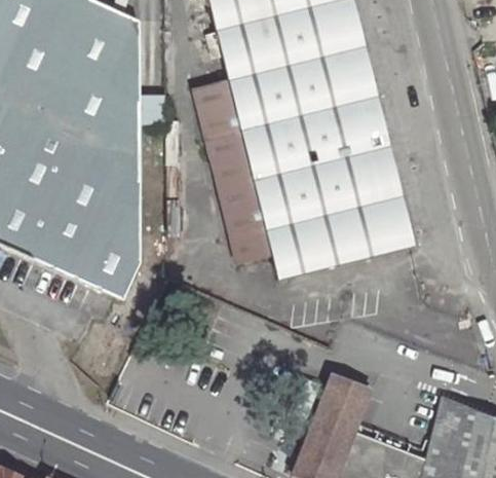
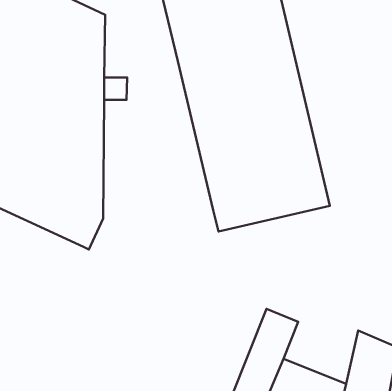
building: [194,75,270,260] -> none

